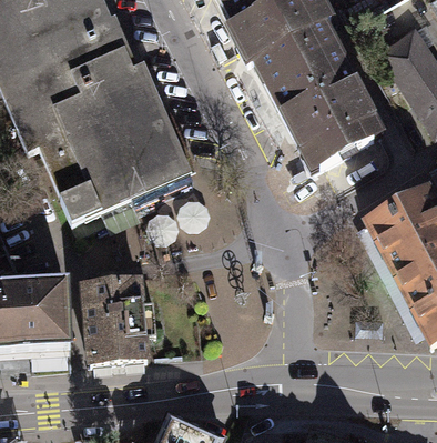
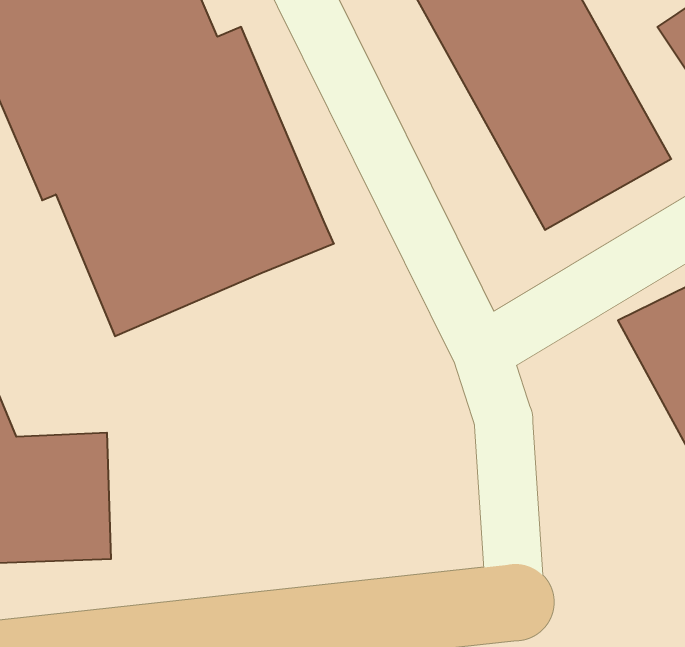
building: [88,281,148,370] -> none

